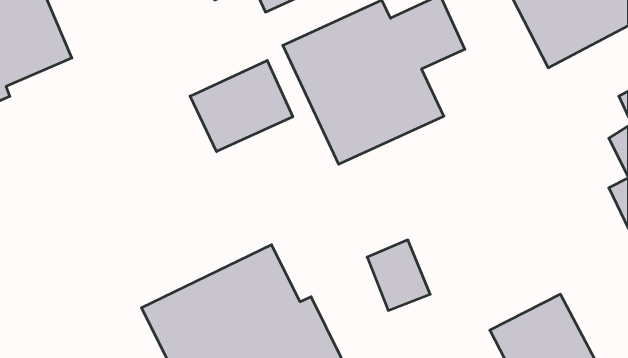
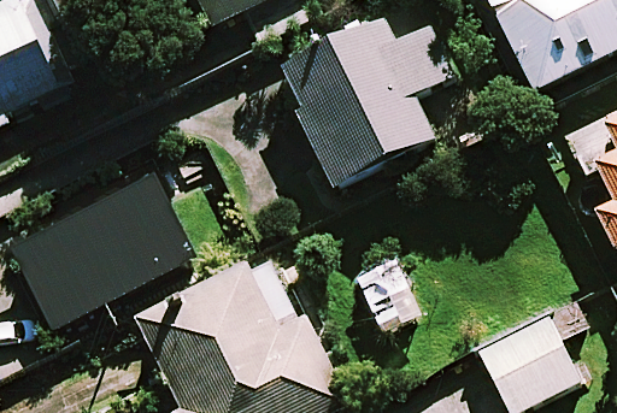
building: [190,60,293,152] -> none
building: none -> [14,161,210,318]

